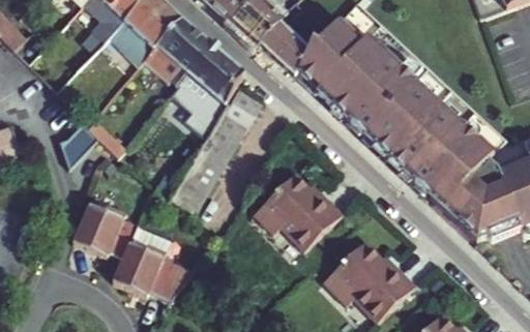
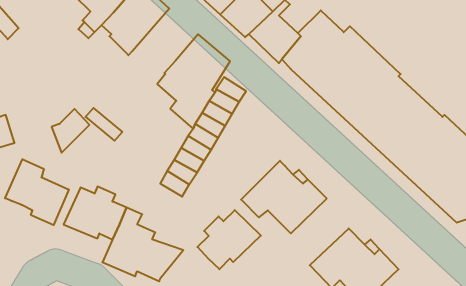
building: [142,16,210,83] -> none
building: none -> [5,159,69,225]
building: none -> [197,210,261,269]

